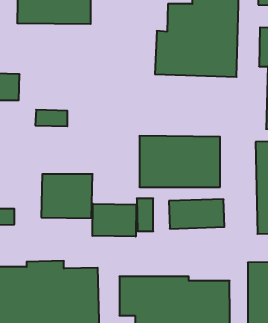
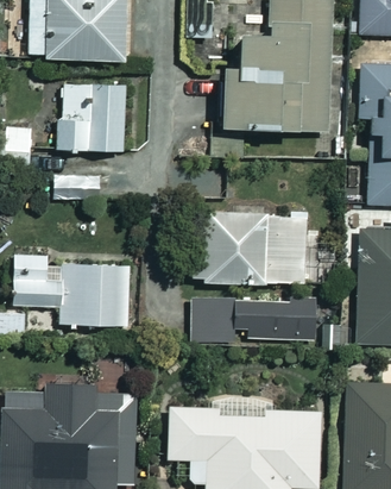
building: none -> [56,84,125,151]
building: none -> [12,255,62,307]
building: [92,204,136,237] -> none

